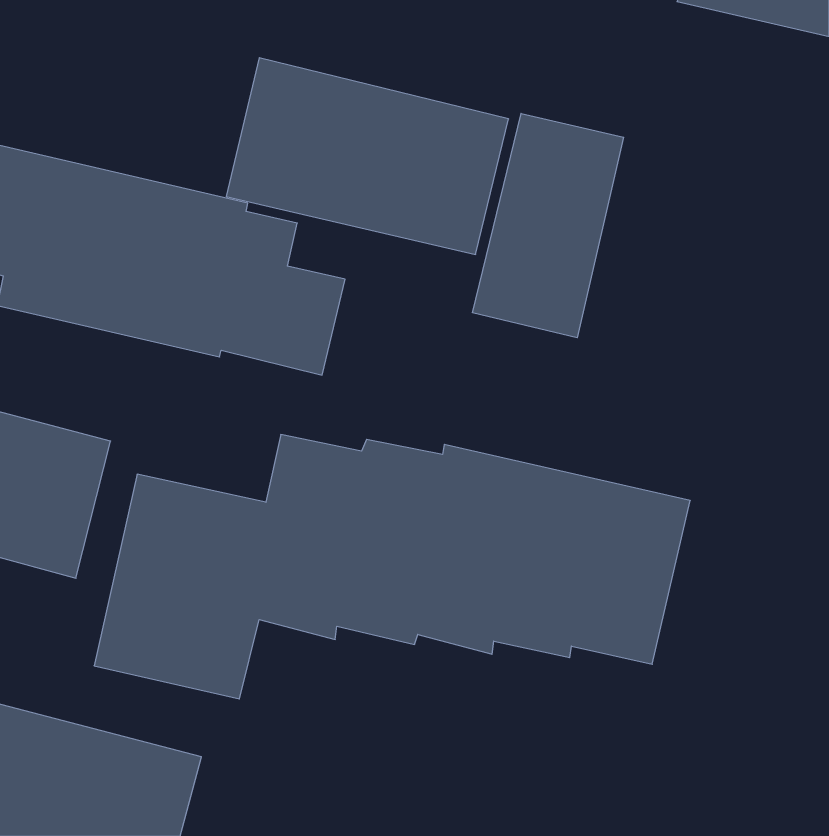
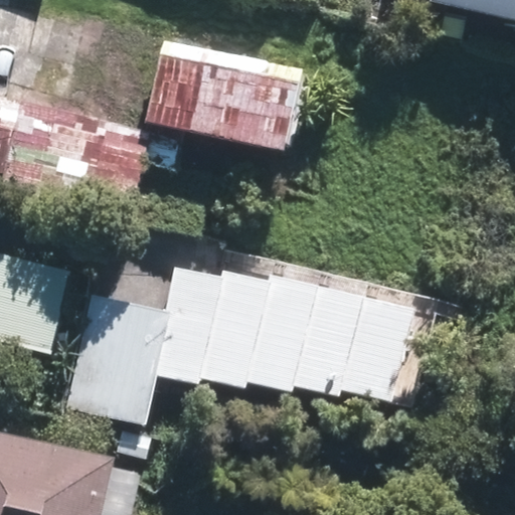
building: [473,113,624,338] -> none

